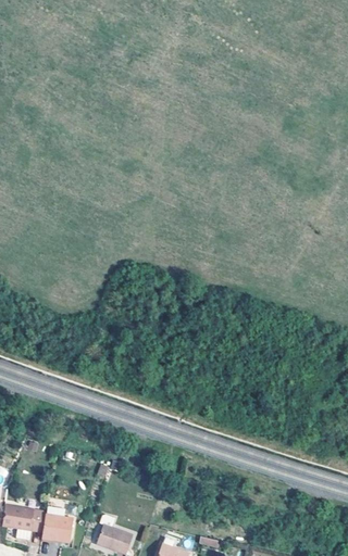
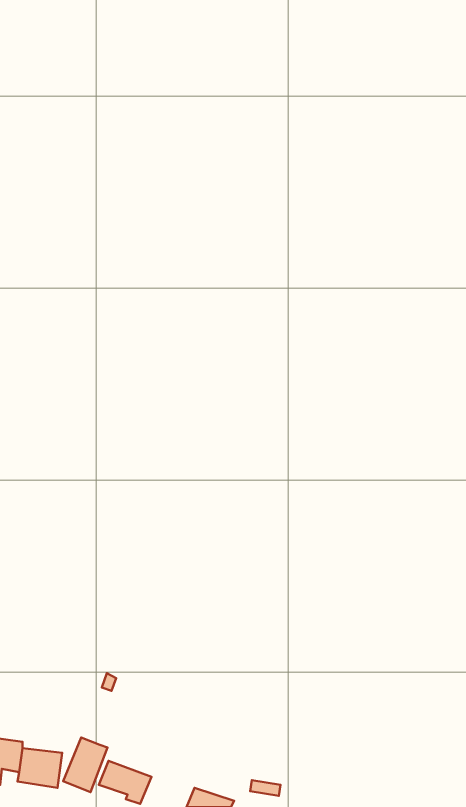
building: none -> [63,737,107,792]

